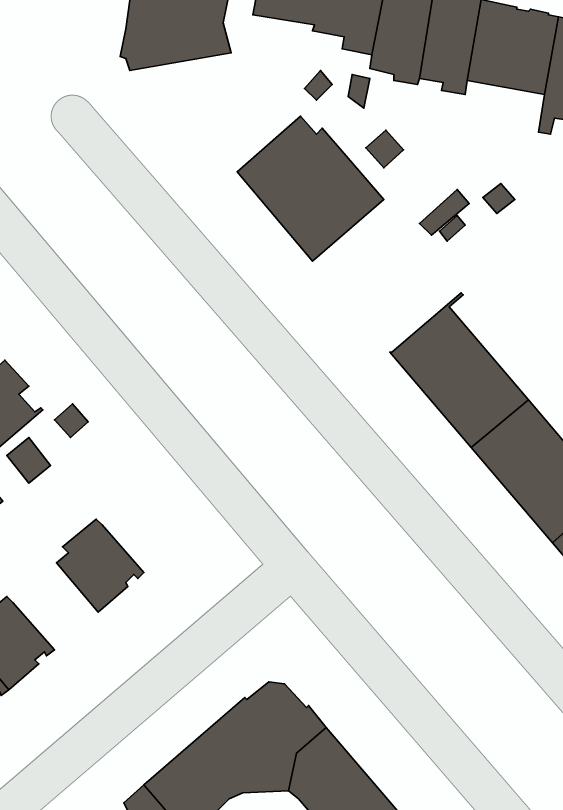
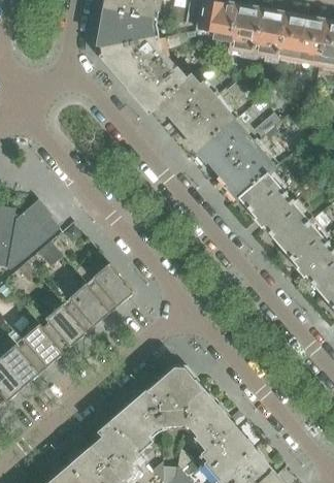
building: none -> [101,41,192,111]
building: none -> [198,118,275,197]
building: none -> [89,263,134,312]
building: none -> [42,303,87,352]

